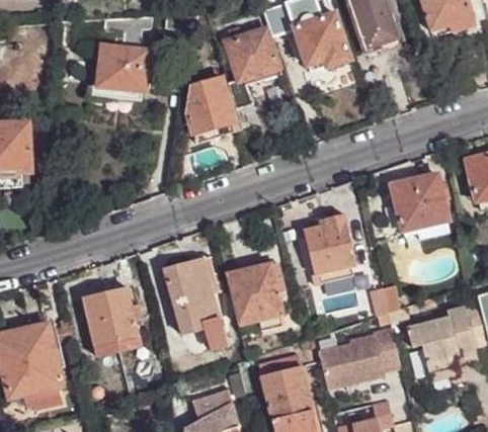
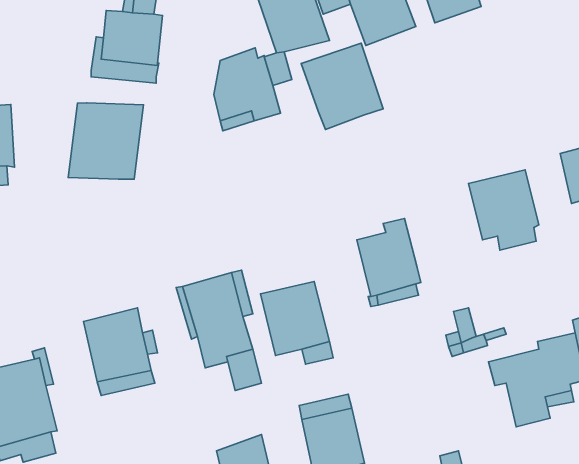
building: none -> [301,43,383,129]
building: none -> [68,103,144,179]
building: [317,328,402,391] -> none

